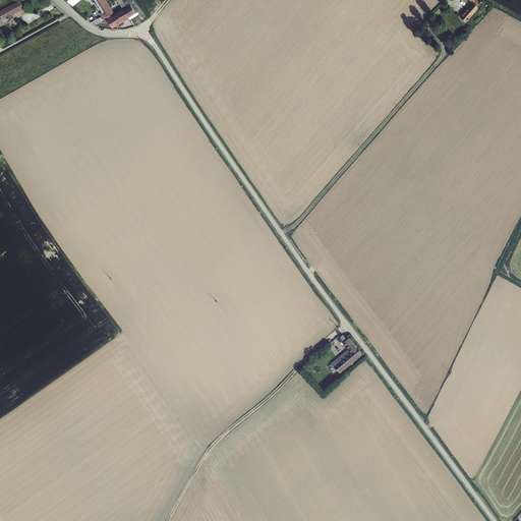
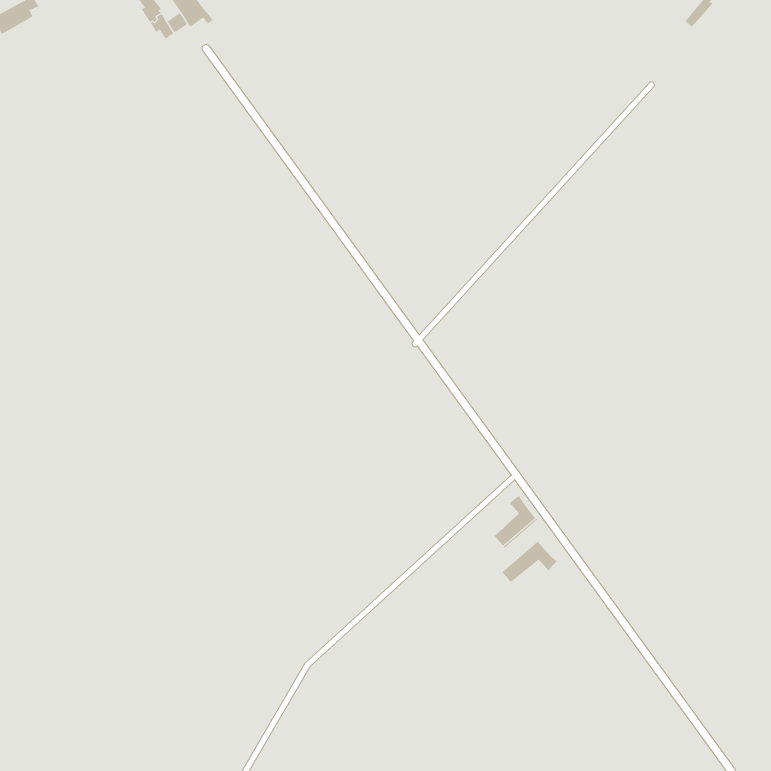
building: none -> [502,541,558,583]

